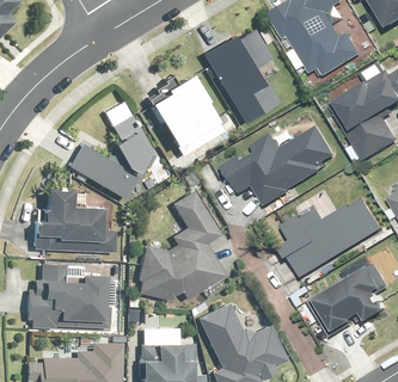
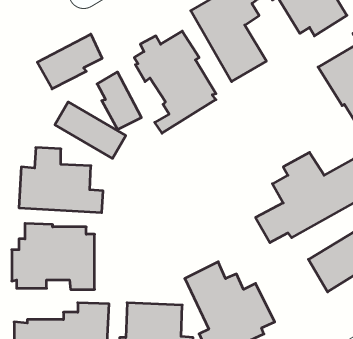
building: none -> [37,34,102,89]
building: [224,127,337,208] -> none
building: [137,190,232,298] -> none

